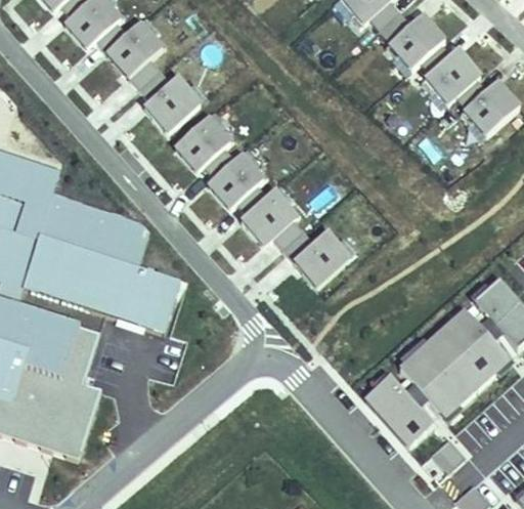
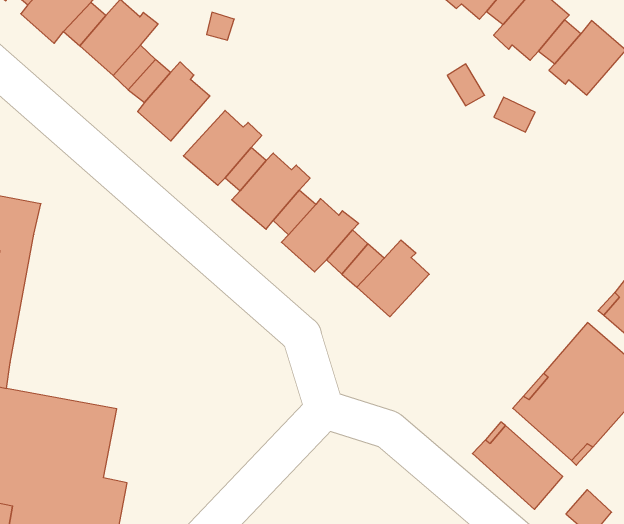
building: [23,190,180,330] -> none

